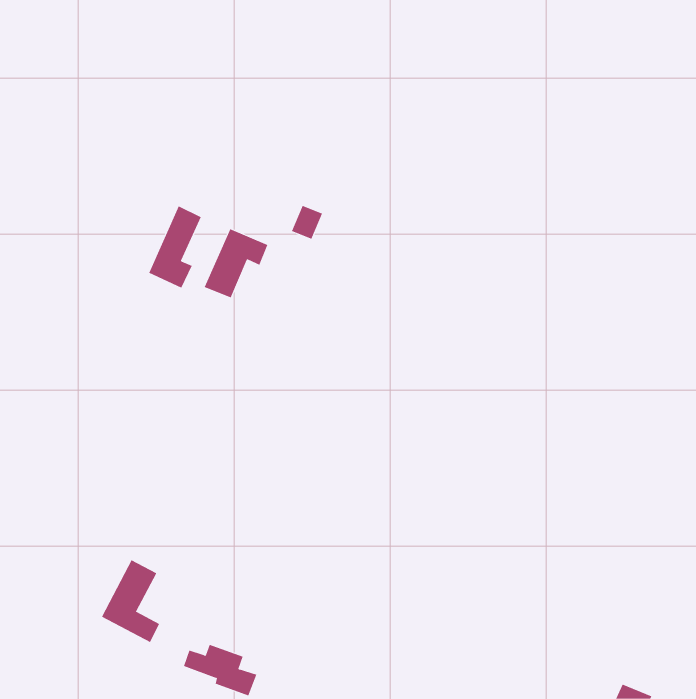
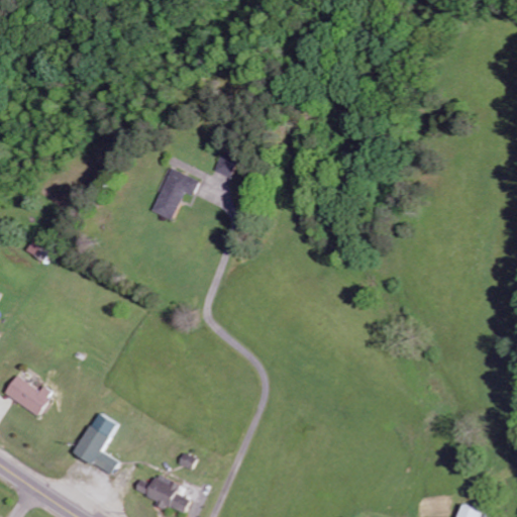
building: [149,205,201,288] -> none
building: none -> [6,375,55,416]

